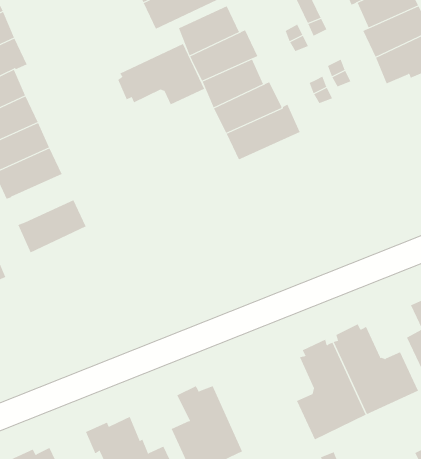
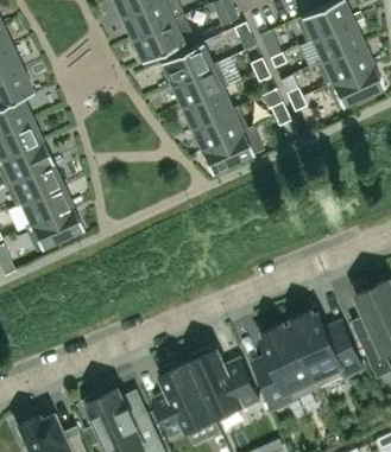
building: [117,43,205,105] -> none
building: none -> [20,185,72,225]
building: none -> [190,348,260,419]

